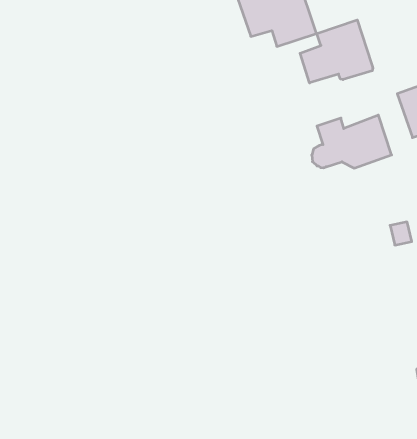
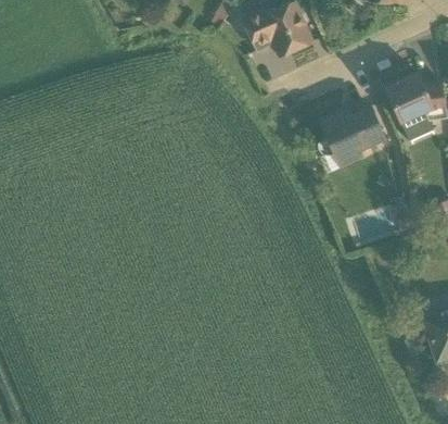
building: [300,20,373,83] -> none

